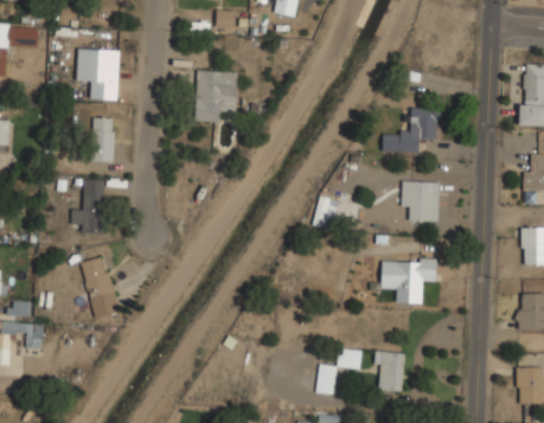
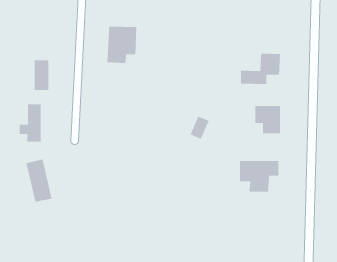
building: [76,49,119,100] -> none
building: [316,348,360,395] -> none
building: [373,351,403,391] -> none

